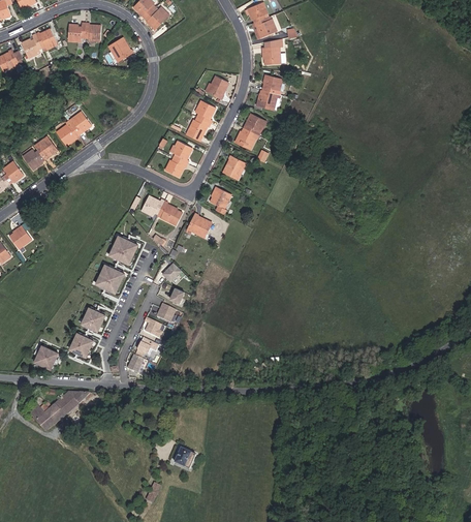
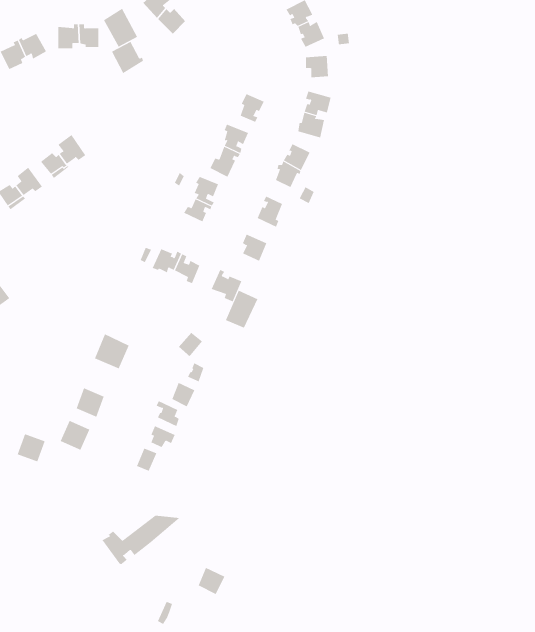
building: none -> [103,8,138,48]
building: none -> [225,290,258,329]
building: [109,237,138,265] -> none
building: [29,393,91,432] -> [101,515,180,565]

